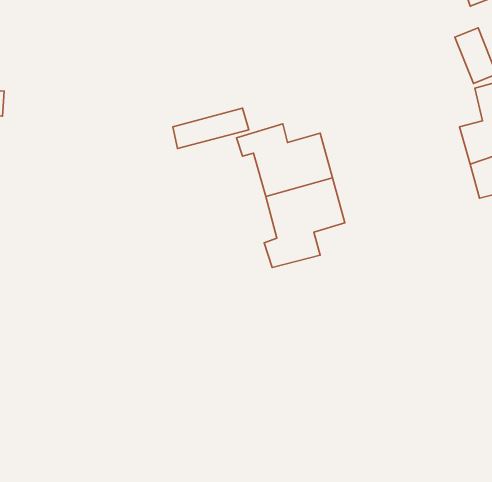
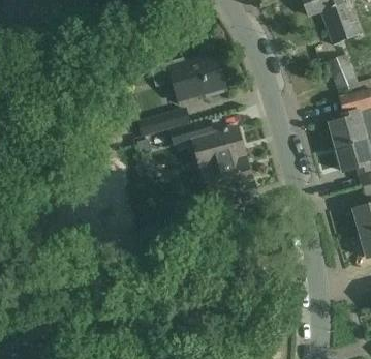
building: none -> [150,52,224,98]

